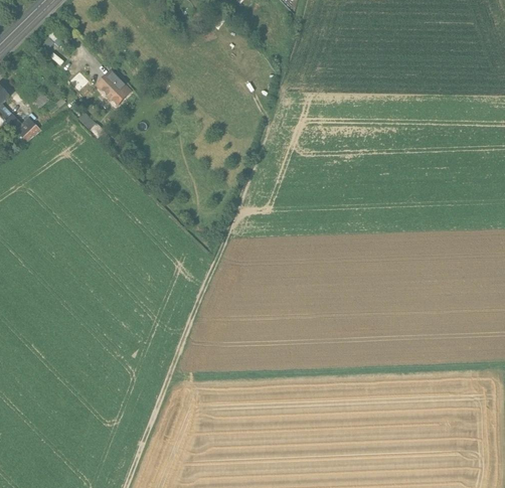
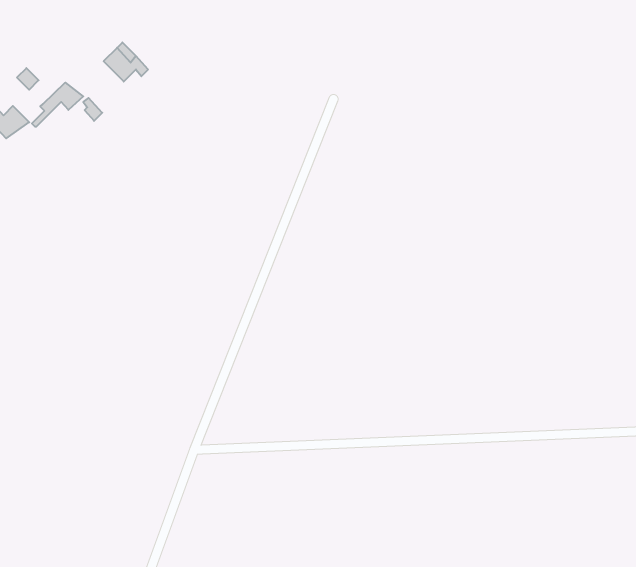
building: none -> [32,83,83,127]

